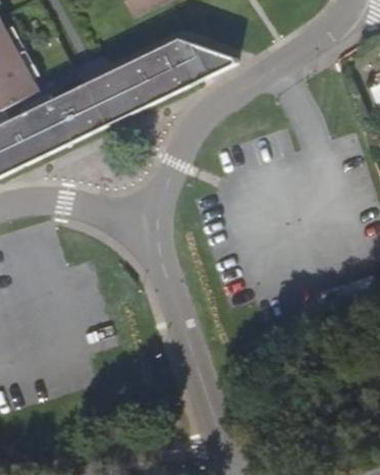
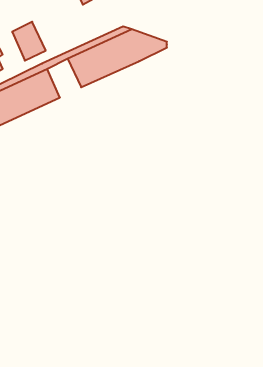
building: [90,78,130,125] -> [12,22,46,61]

